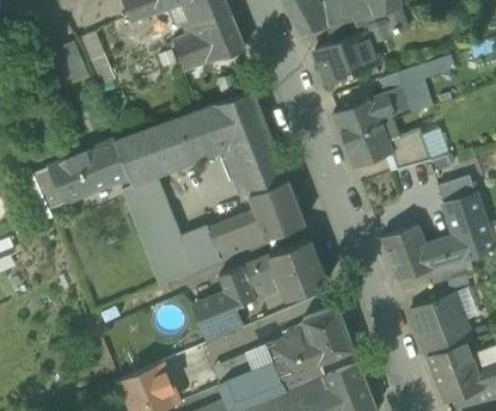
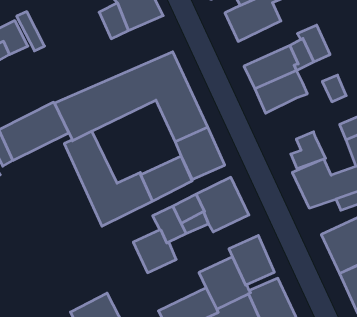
building: [391,128,430,168] -> [291,132,326,168]

